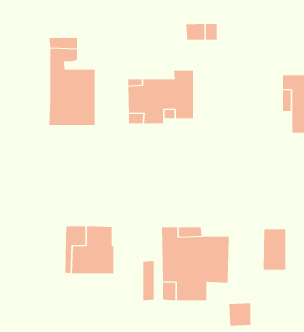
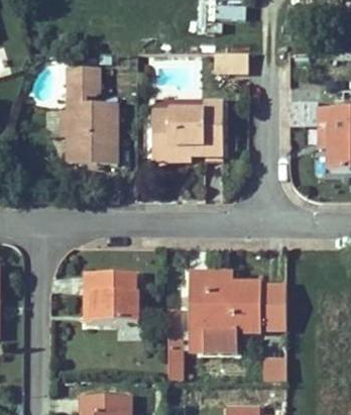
building: [263,229,286,270] -> [260,285,285,329]

